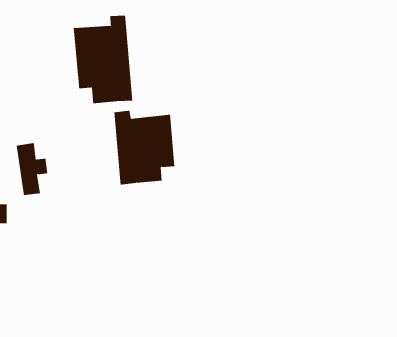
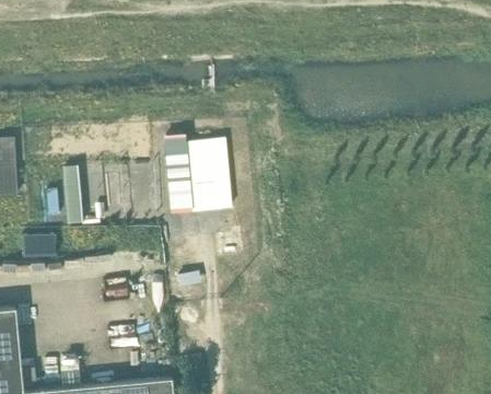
building: [73,15,133,104] -> none

